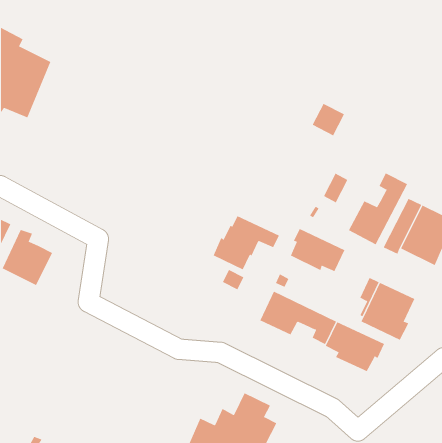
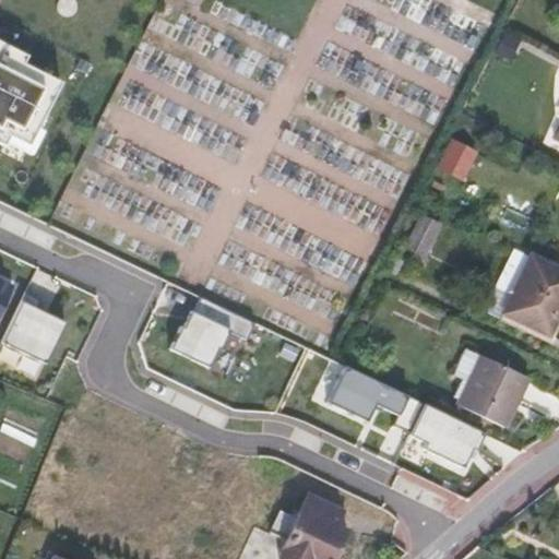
building: [312,103,345,136] -> [438,139,479,180]
building: [348,172,408,245] -> none
building: [213,216,280,270] -> [169,298,253,367]
building: [290,228,345,272] -> none

